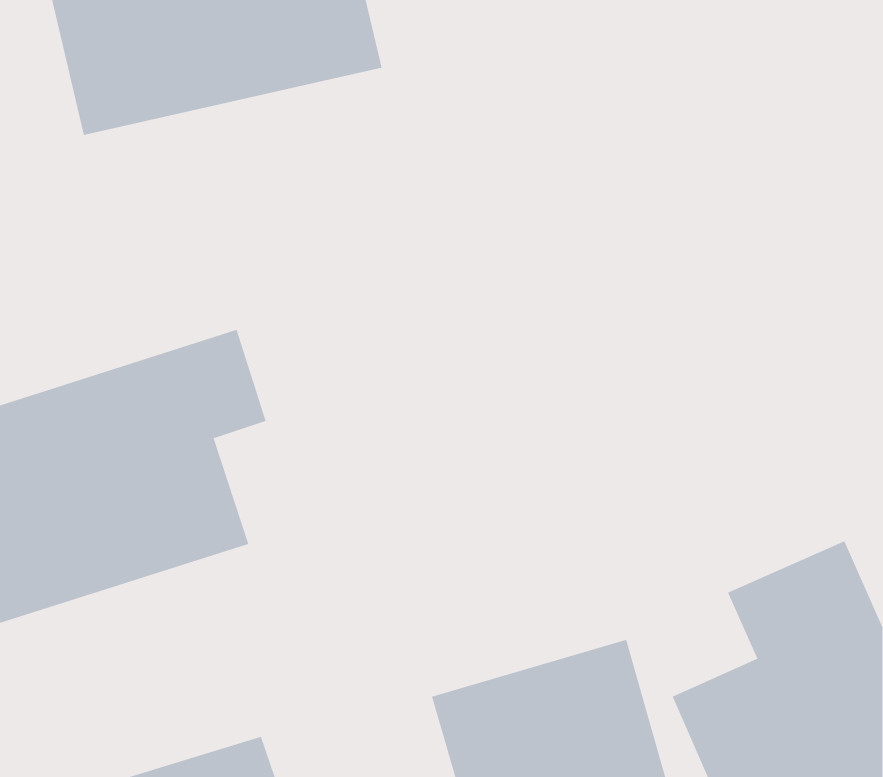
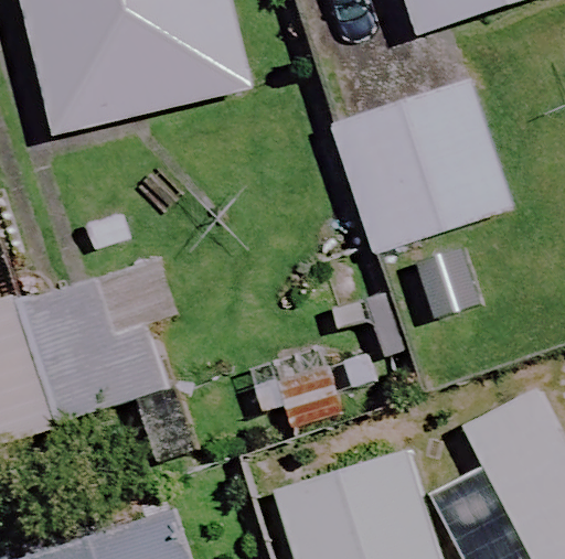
building: none -> [330,79,510,256]

